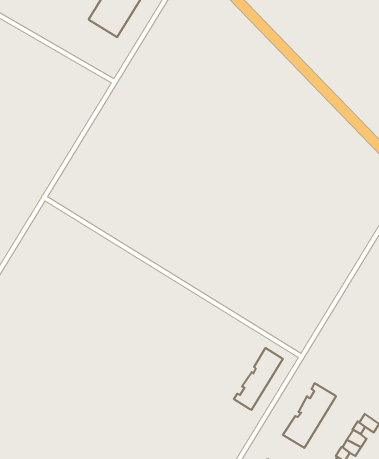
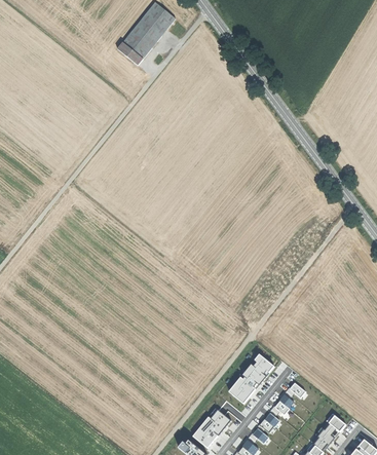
building: [234,348,283,410] -> none

